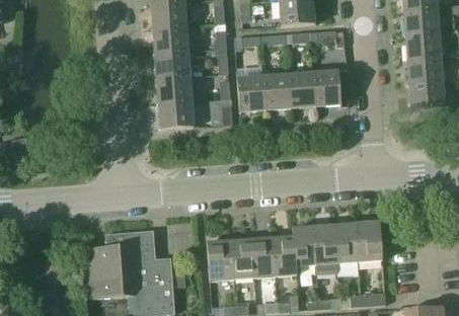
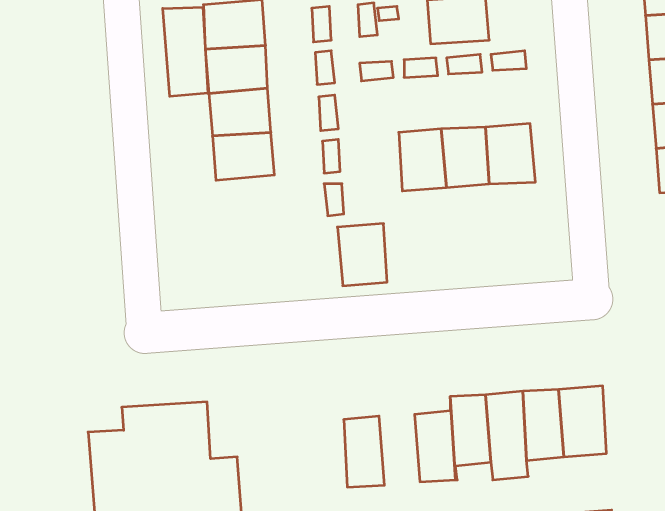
building: none -> [163,7,208,96]
building: [237,76,265,111] -> [337,224,387,286]
building: [159,100,195,129] -> none
building: [252,237,276,278] -> none
building: [207,240,234,281] -> none

